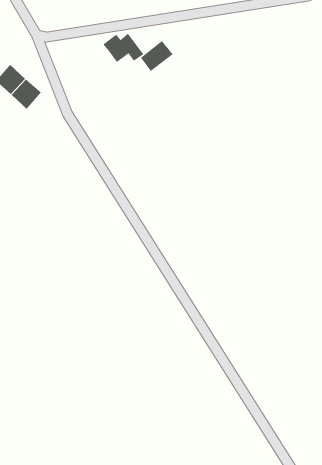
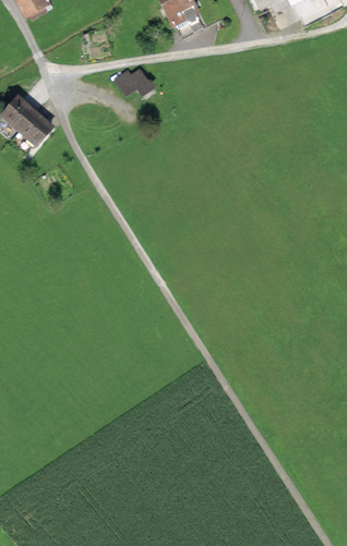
building: [140,40,174,72] -> none

